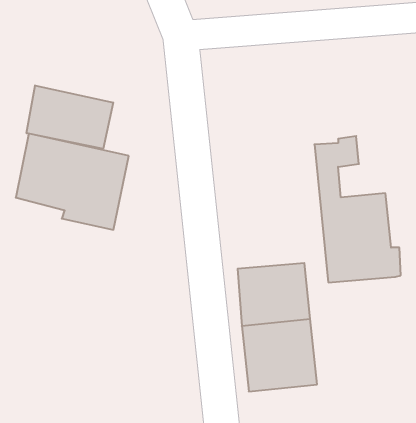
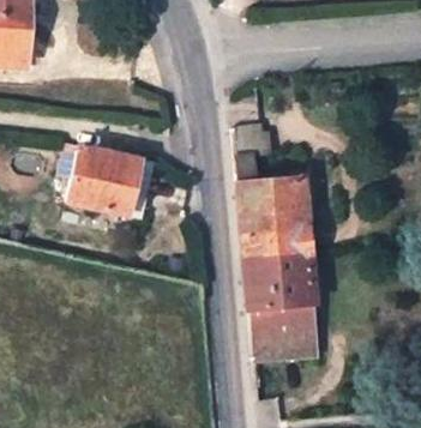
building: [27,85,113,149] -> none
building: [314,136,401,282] -> [233,132,307,258]

